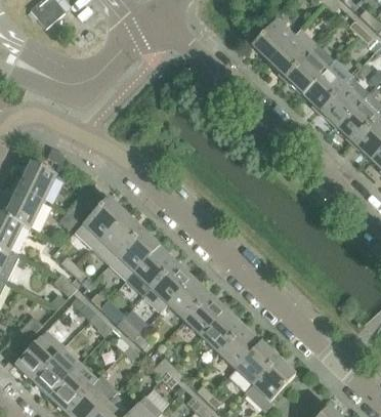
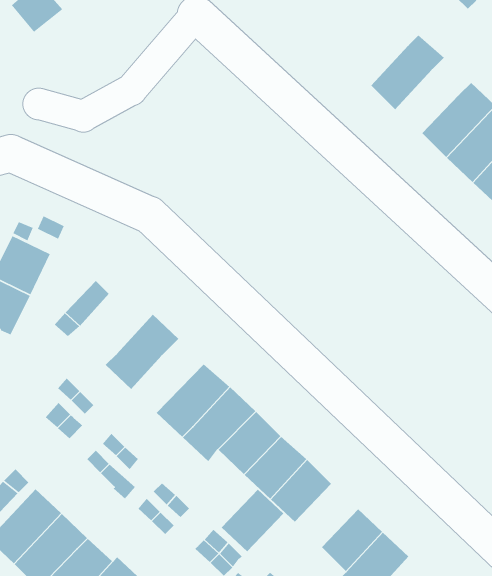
building: [251,18,293,61] -> none
building: [285,51,327,93] -> none
building: [75,197,124,247] -> none
building: [110,230,158,279] -> none
building: [218,326,260,368] -> [221,489,284,552]

